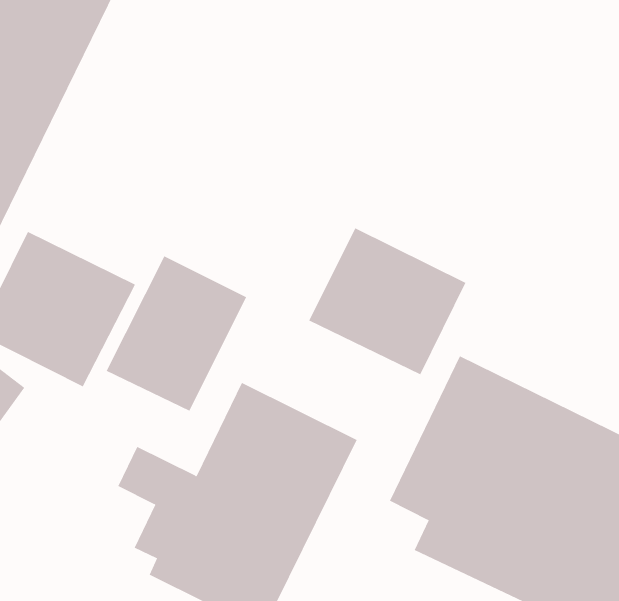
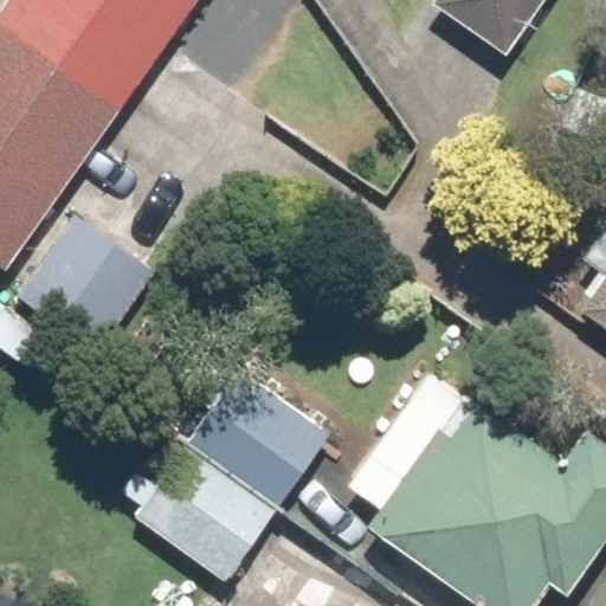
building: [308,228,466,375] -> none
building: [106,256,247,412] -> none

